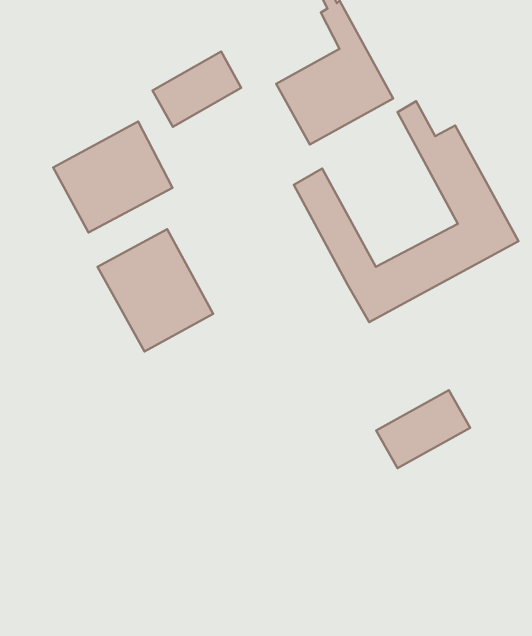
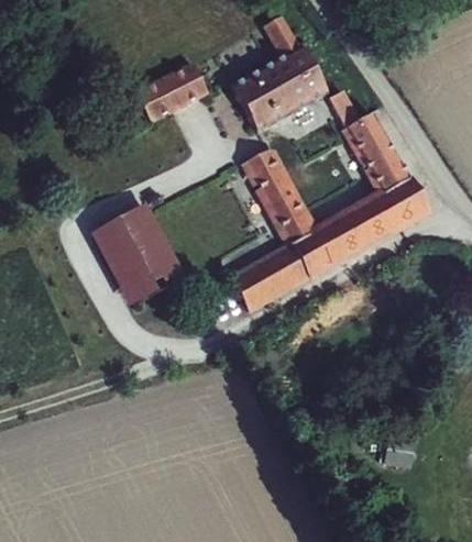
building: [53,121,173,233] -> none
building: [376,390,470,468] -> [232,247,309,311]

